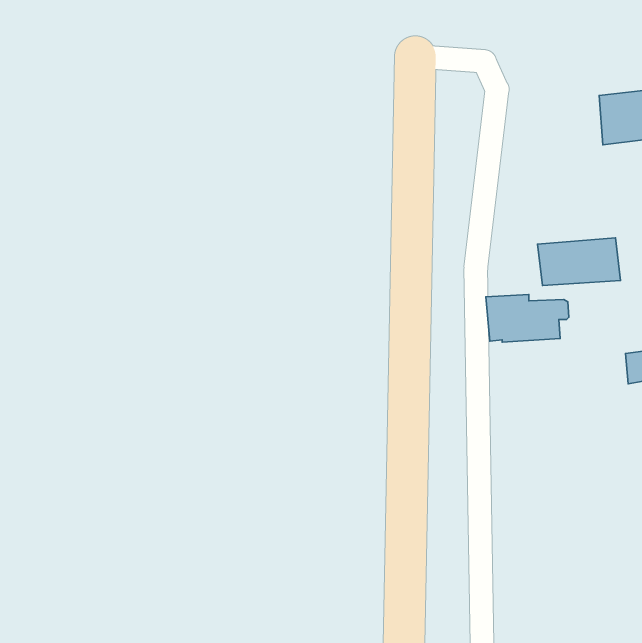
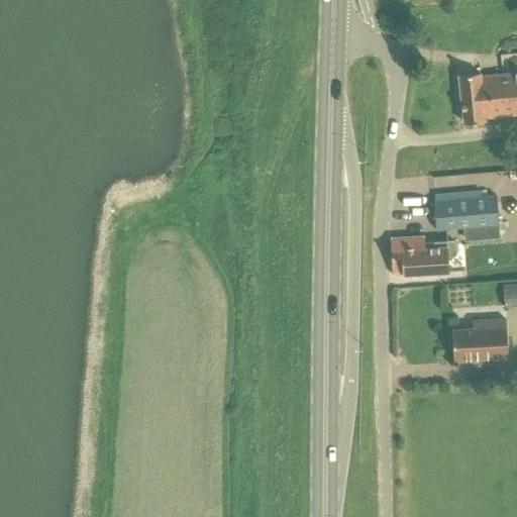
building: none -> [460,73,486,123]
building: none -> [452,318,509,360]

